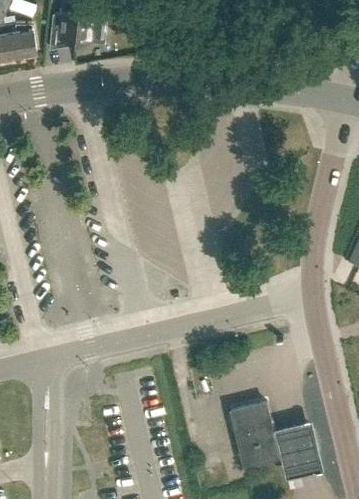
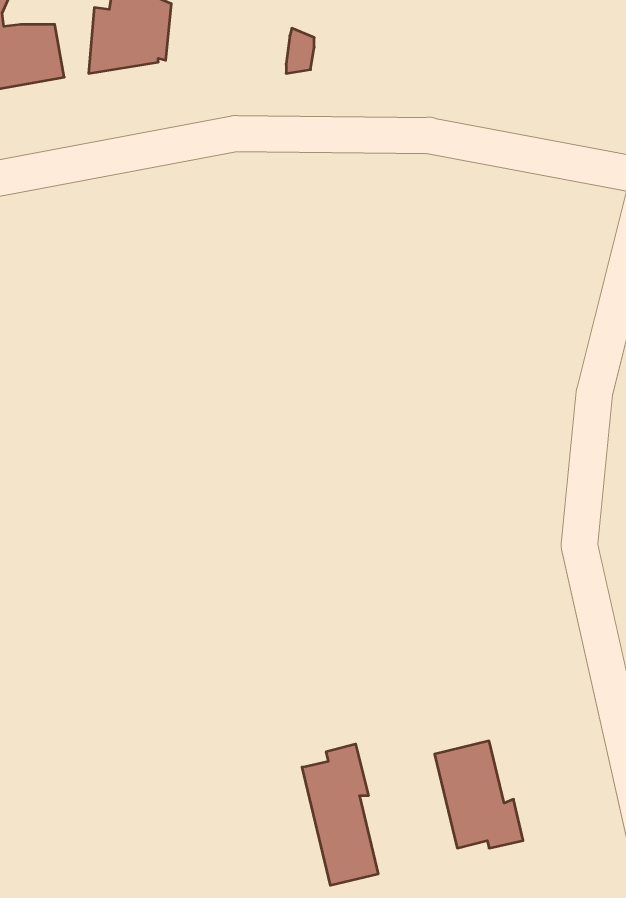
building: none -> [302,744,378,885]
building: [273,416,322,475] -> none

